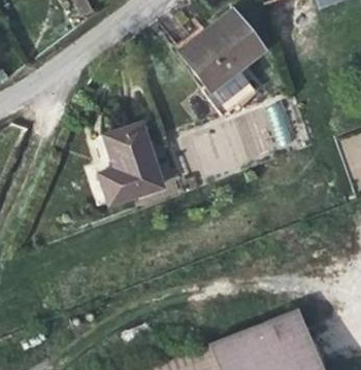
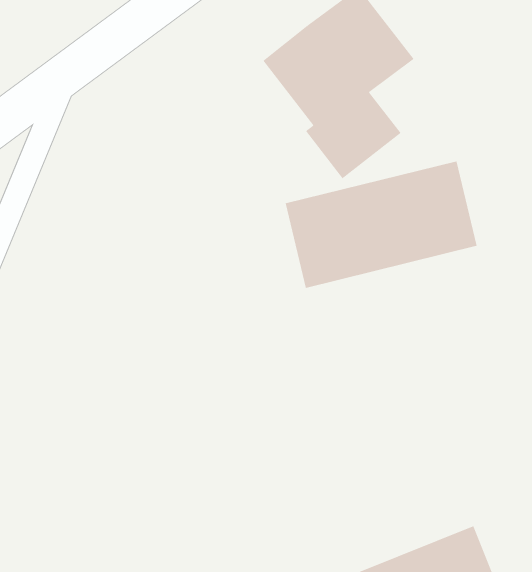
building: [99,123,162,203] -> none

